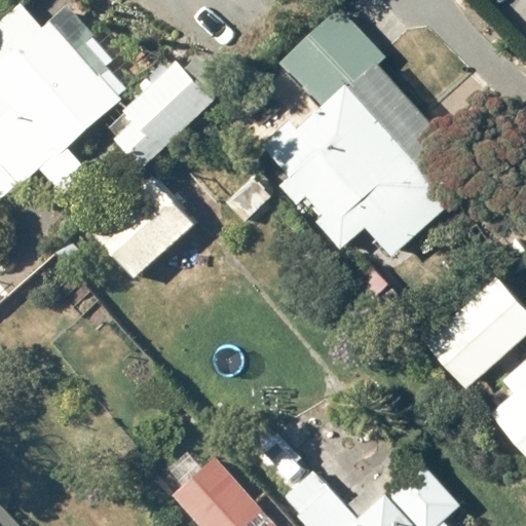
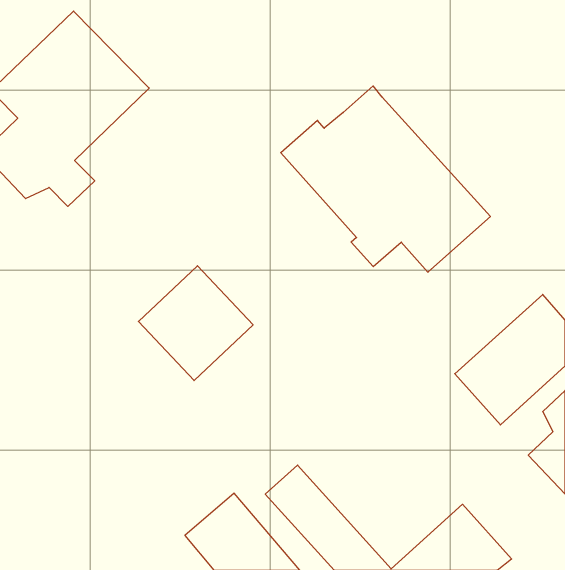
building: [279,10,384,104] -> none
building: [107,60,216,170] -> none
building: [86,172,192,277] -> [138,266,253,381]

